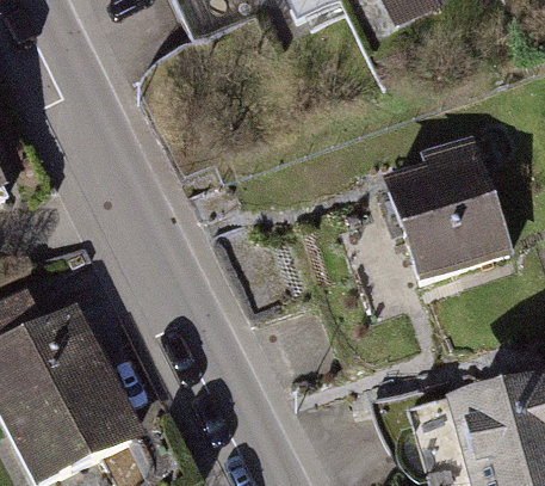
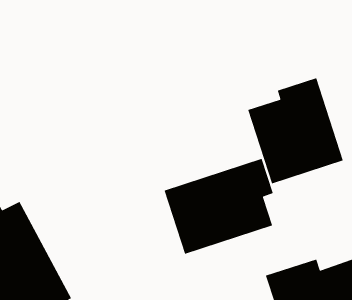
building: none -> [163,158,274,255]

